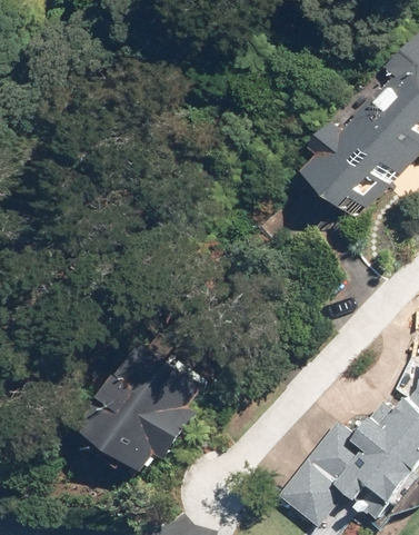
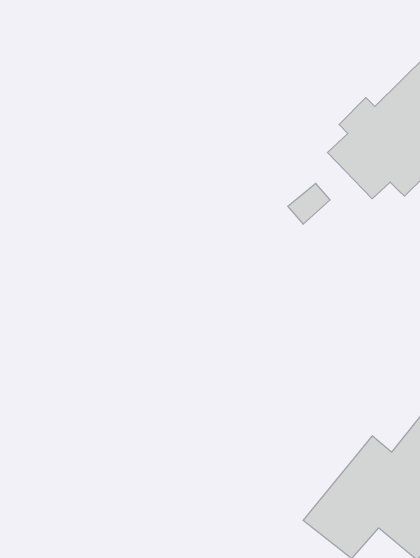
building: [83,346,198,472] -> none

